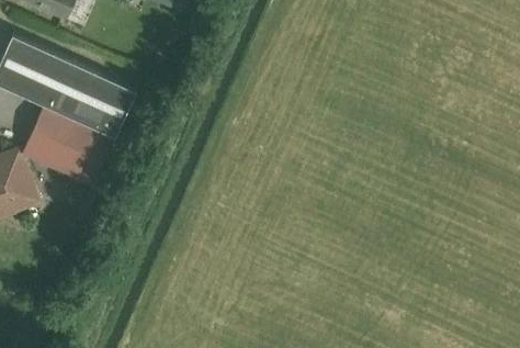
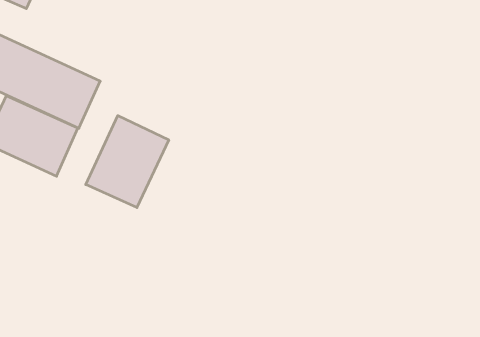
building: none -> [86,116,169,208]

